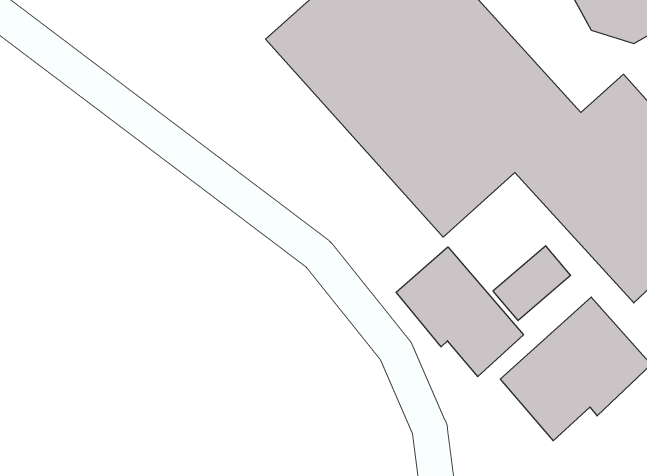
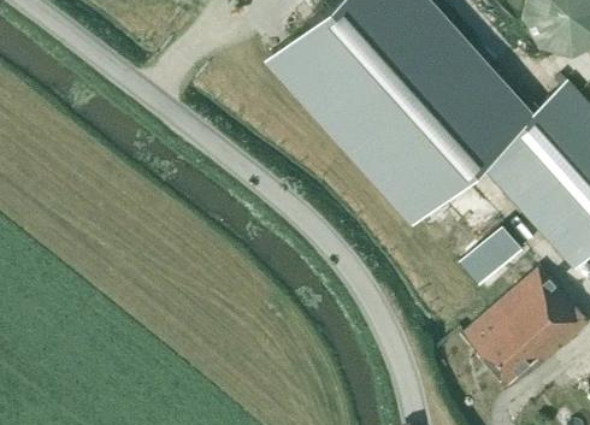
building: [396,247,523,377] -> none

